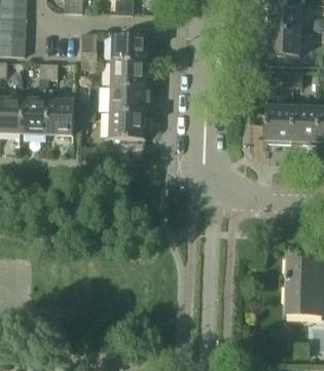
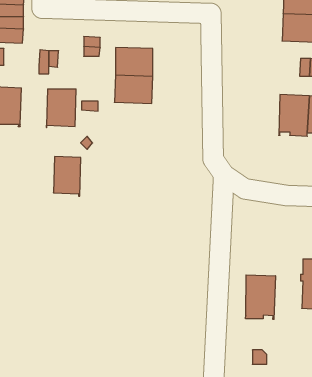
building: [111,35,147,62] -> none
building: [22,99,47,136] -> [53,157,81,196]
building: [109,112,145,139] -> none
building: none -> [246,275,275,319]

